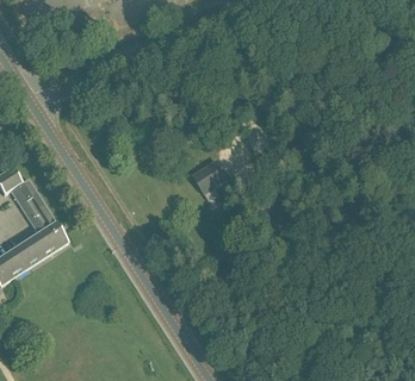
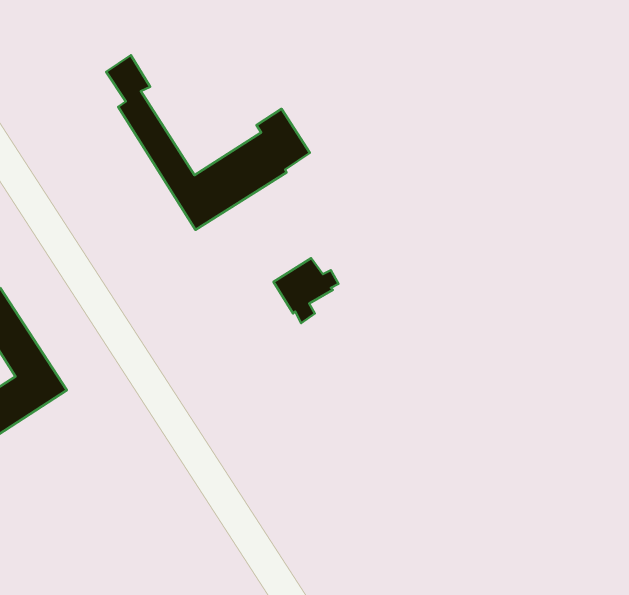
building: none -> [106,55,310,230]

